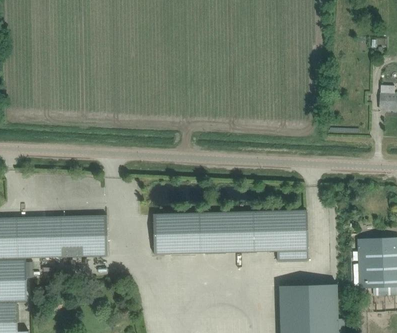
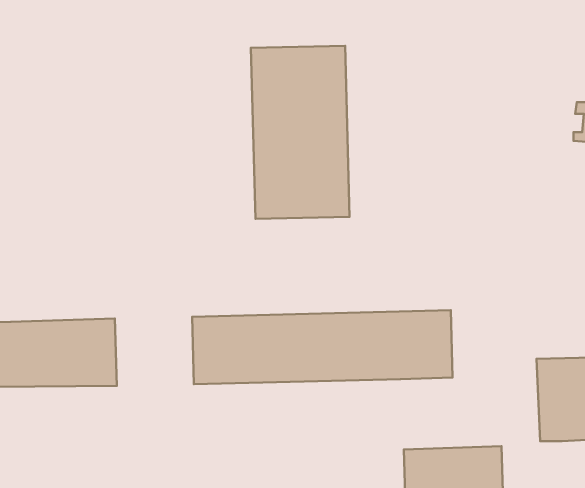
building: none -> [251,46,350,219]

